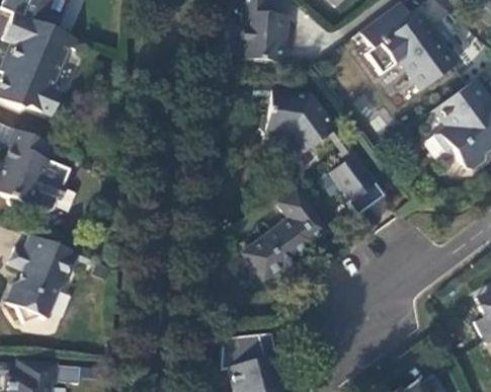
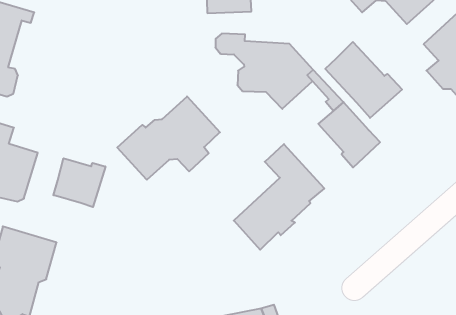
building: none -> [325,42,402,118]
building: none -> [117,96,220,180]
building: none -> [53,158,105,207]

